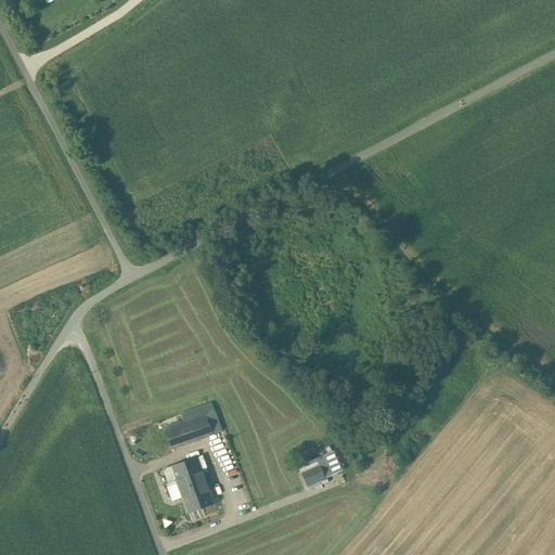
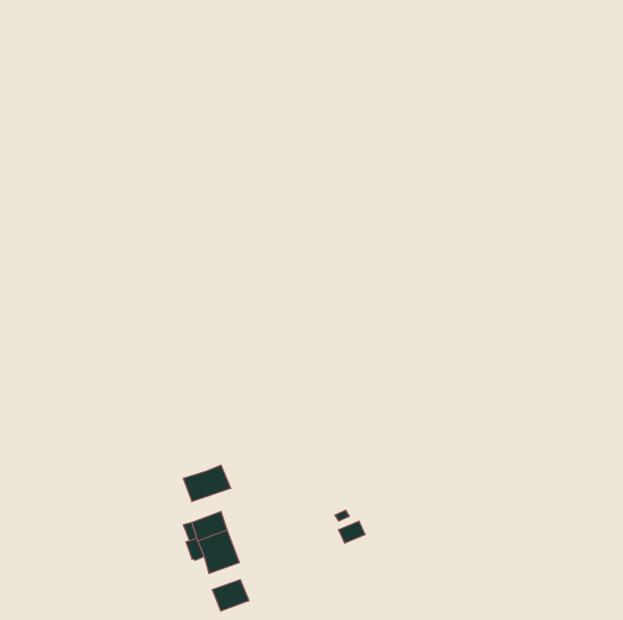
building: [182,401,220,434] -> none
building: none -> [212,580,249,611]

